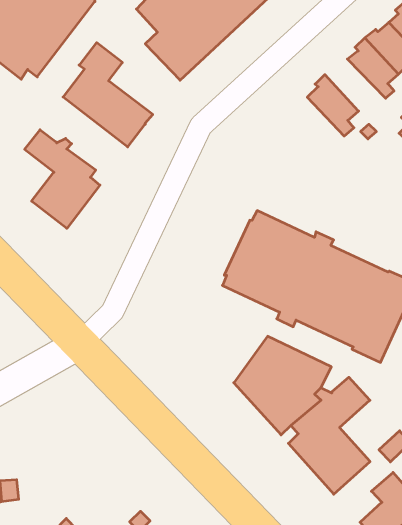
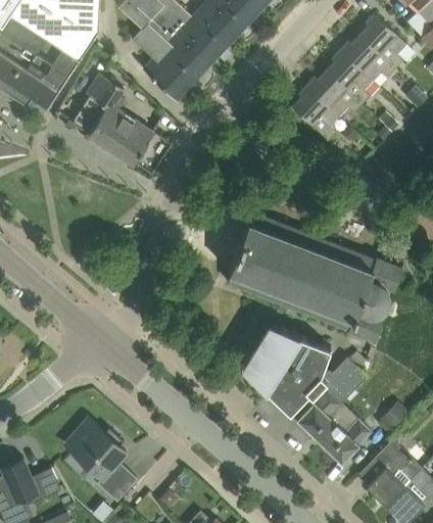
building: none -> [305,70,362,116]
building: [25,130,100,228] -> none
building: none -> [64,418,137,502]

